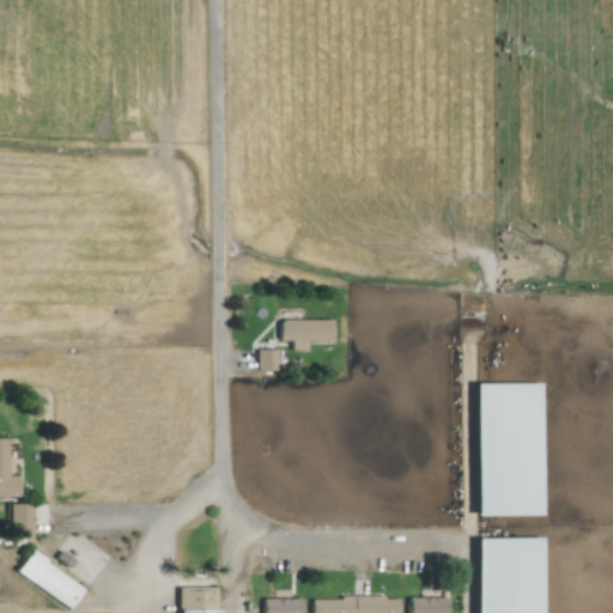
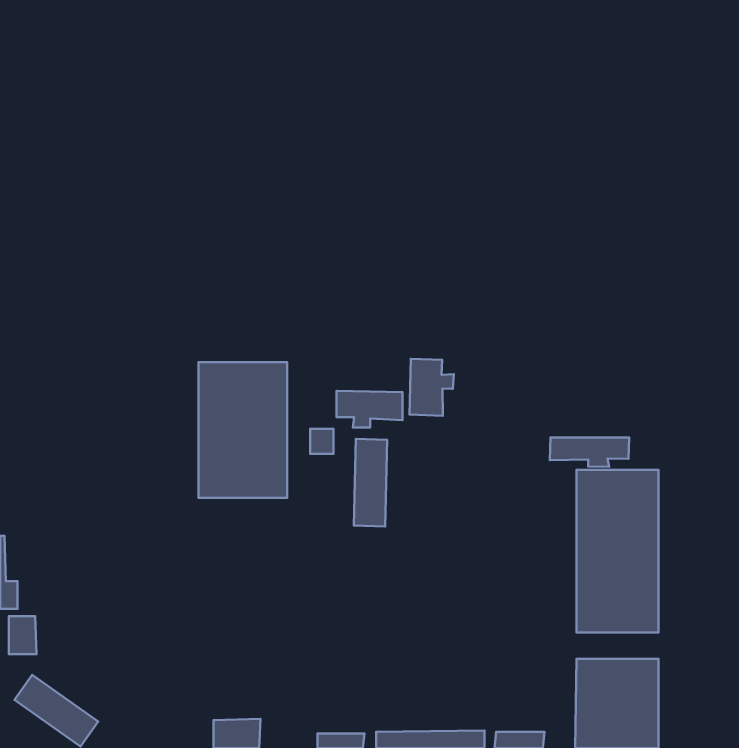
building: none -> [410,359,454,416]
building: none -> [199,362,287,498]
building: none -> [550,438,629,467]
building: none -> [354,439,387,526]

